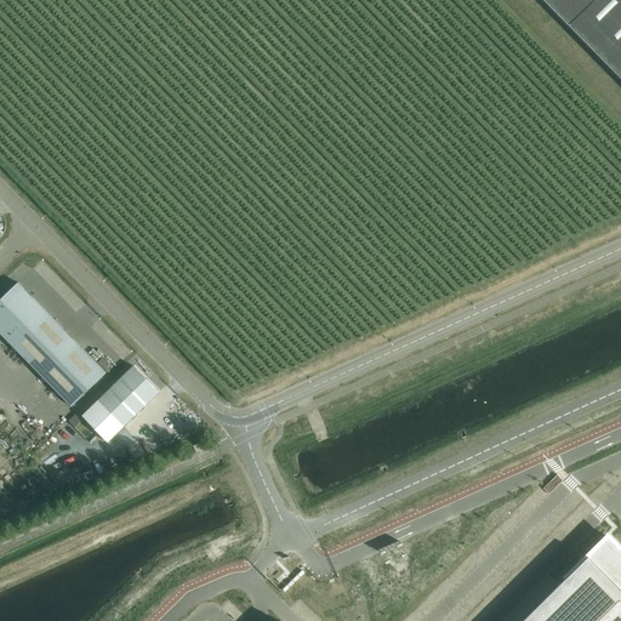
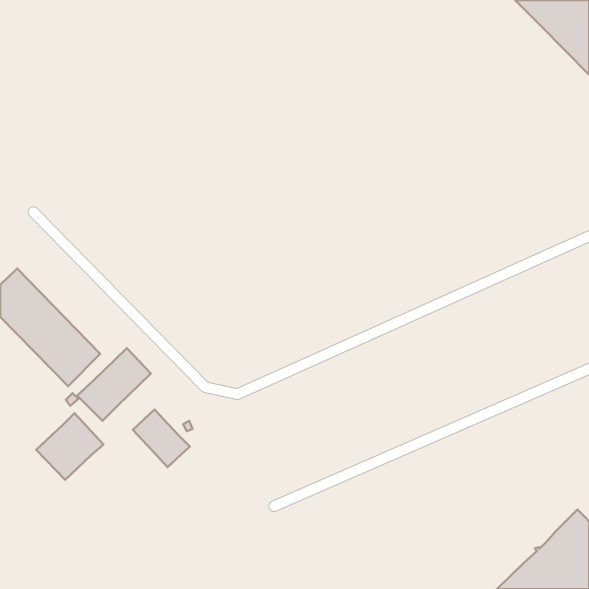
building: none -> [133,409,190,467]
building: none -> [36,413,104,480]

